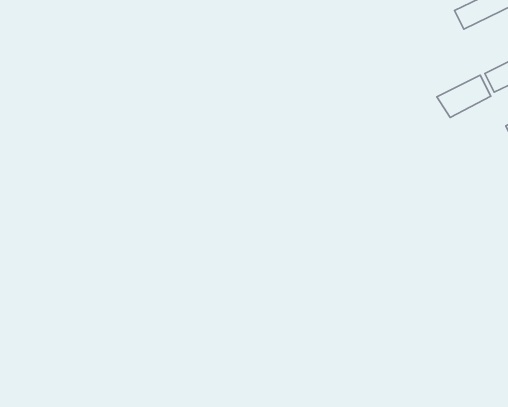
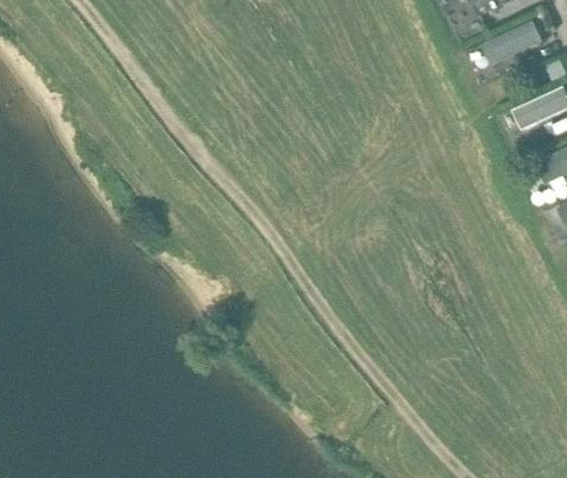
building: [437,75,491,118] -> none

